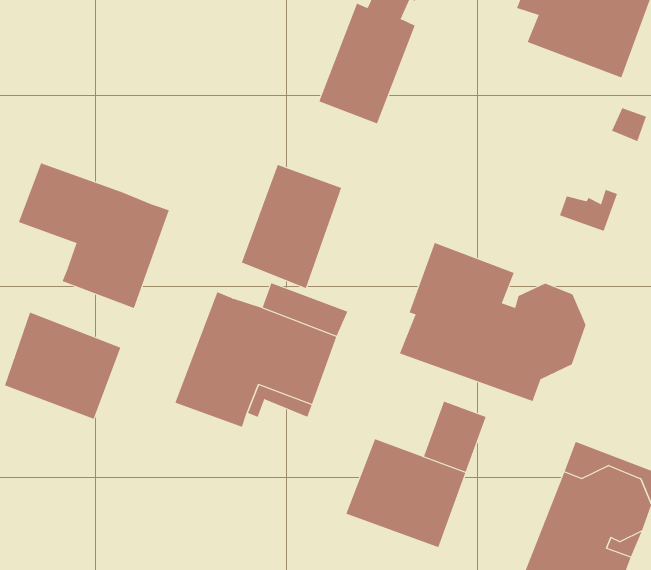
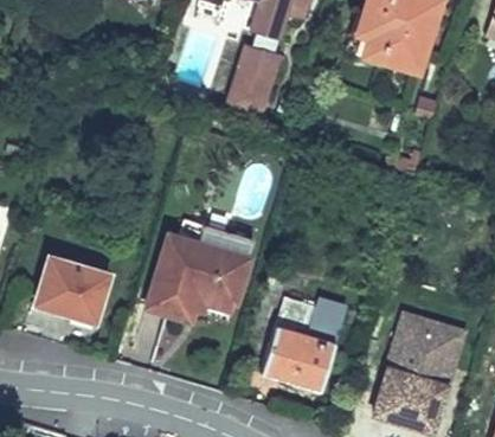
building: [18,163,169,309] -> none
building: [241,164,342,289] -> none
building: [399,242,586,402] -> none

